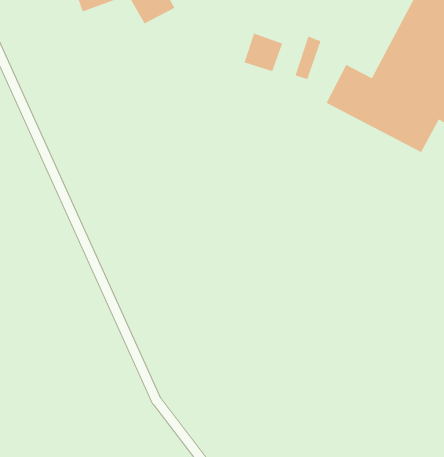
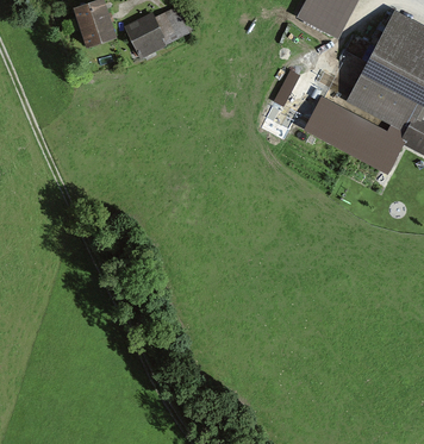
building: [244,33,283,72] -> none

